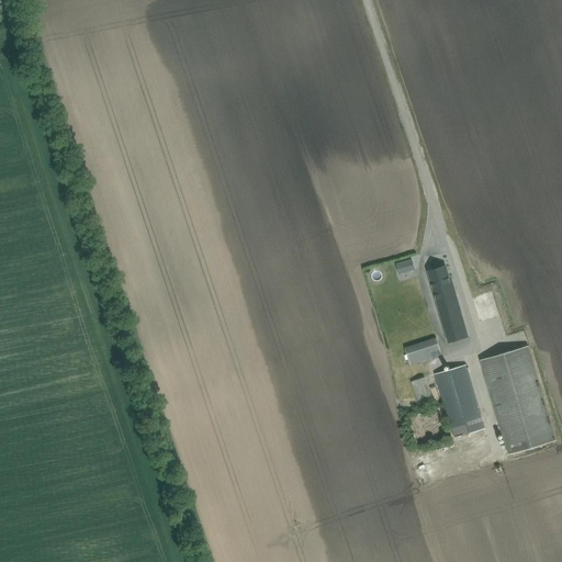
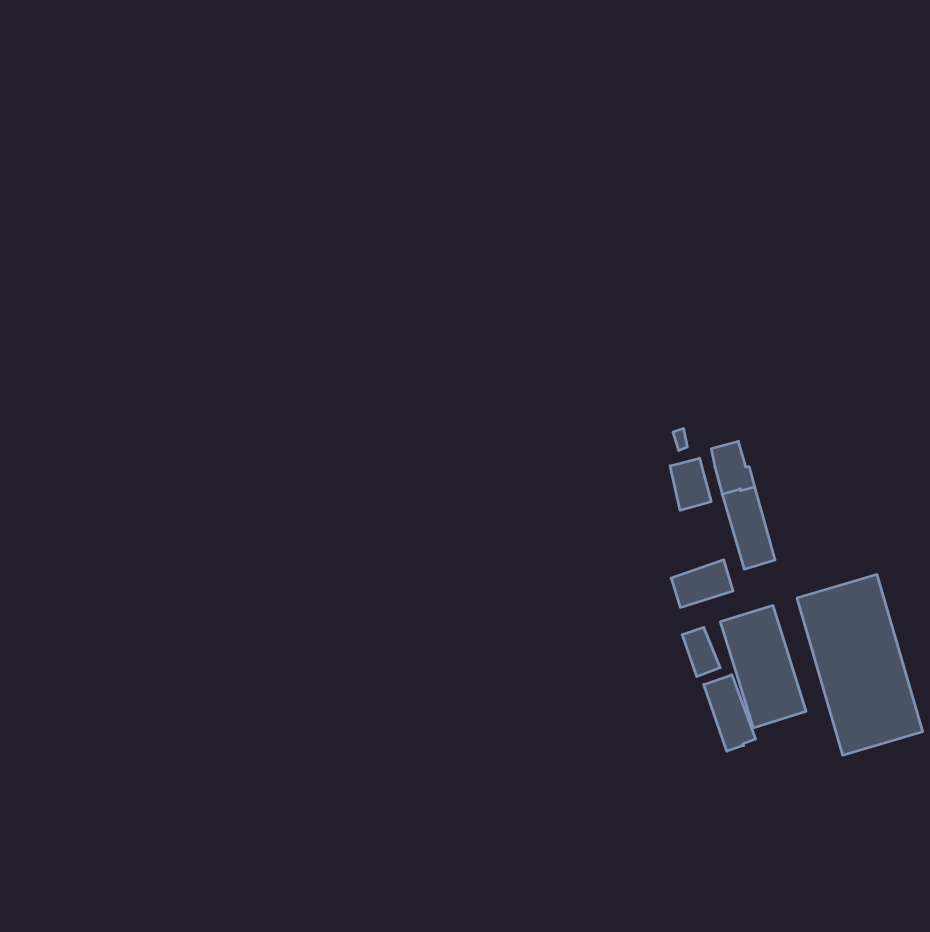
building: none -> [670,458,711,510]
building: none -> [704,675,755,751]

